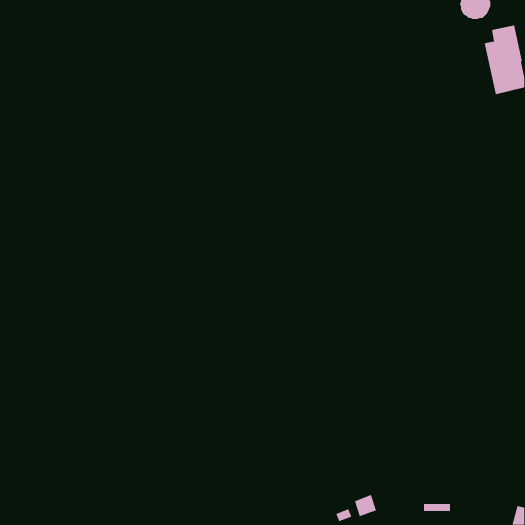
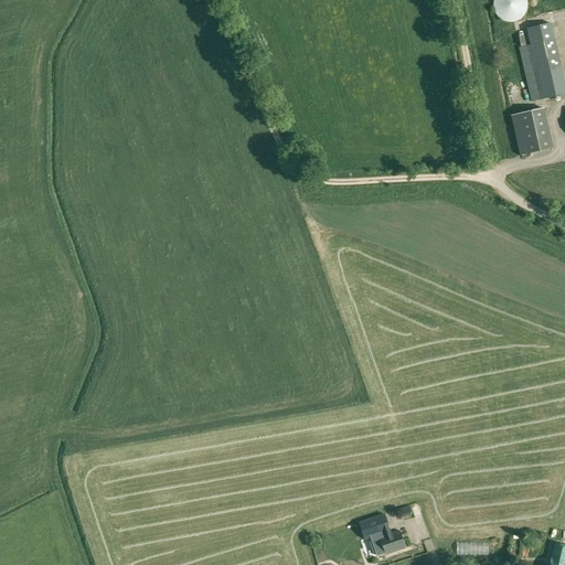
building: none -> [516,114,551,152]
building: none -> [359,513,390,537]

